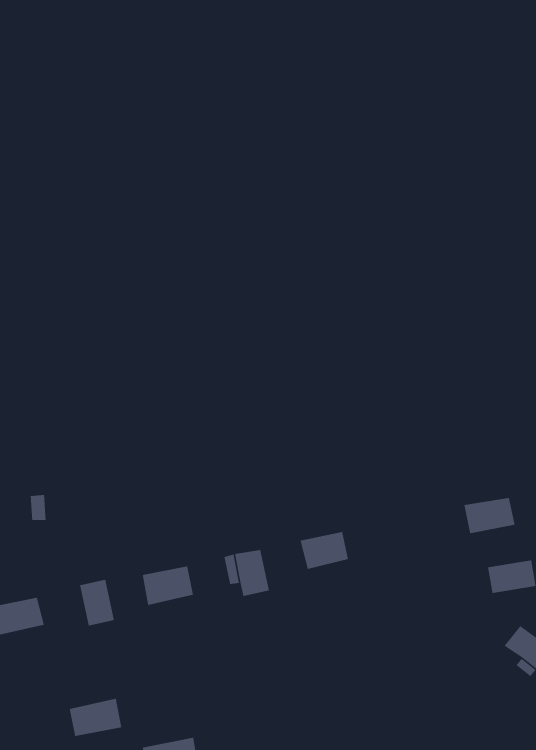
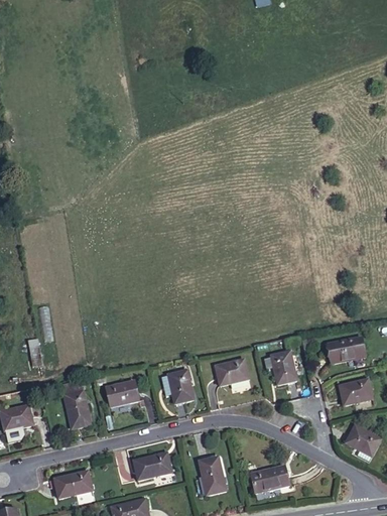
building: none -> [267,351,292,381]
building: none -> [198,454,226,491]
building: none -> [133,455,166,481]
building: none -> [257,463,292,489]

